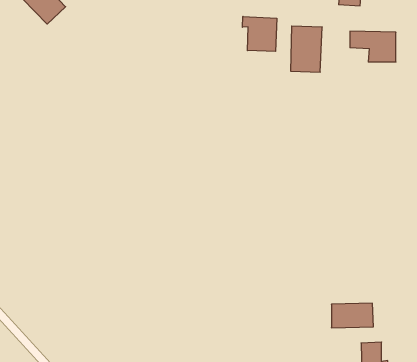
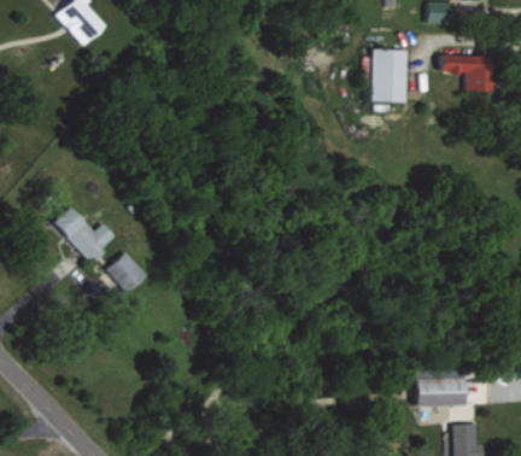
building: [242,16,277,51] -> none
building: none -> [54,205,115,264]
building: none -> [106,251,147,293]

